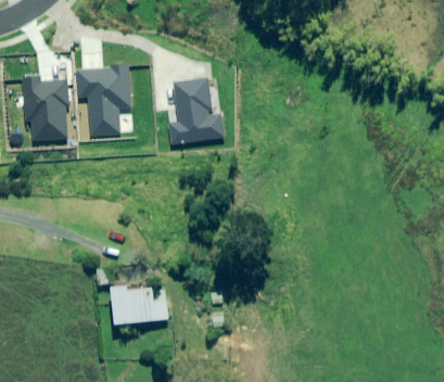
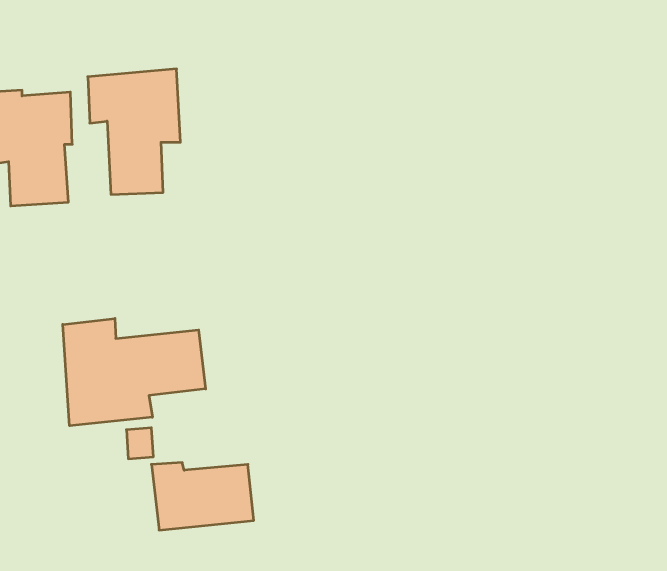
building: [166,78,221,144] -> none
building: none -> [63,318,206,426]

